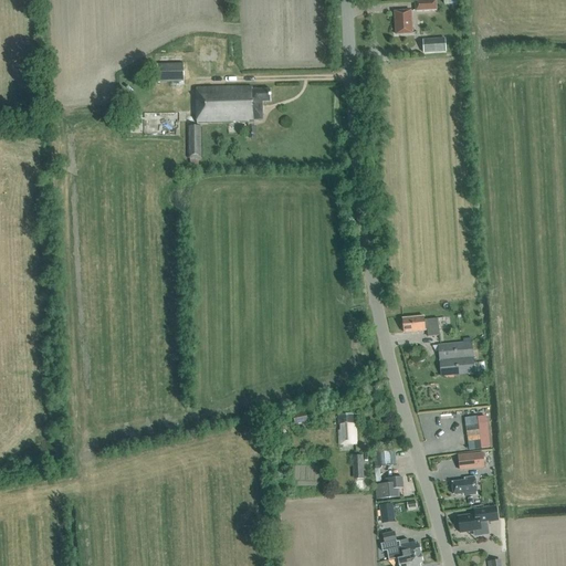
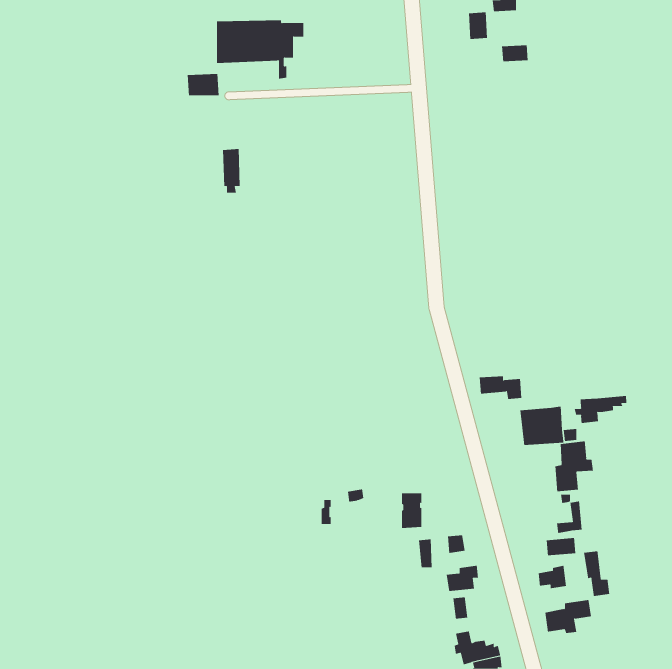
building: [196,86,270,136] -> [216,20,304,79]
building: none -> [574,395,627,424]
building: none -> [555,441,594,492]
building: none -> [584,550,610,597]

